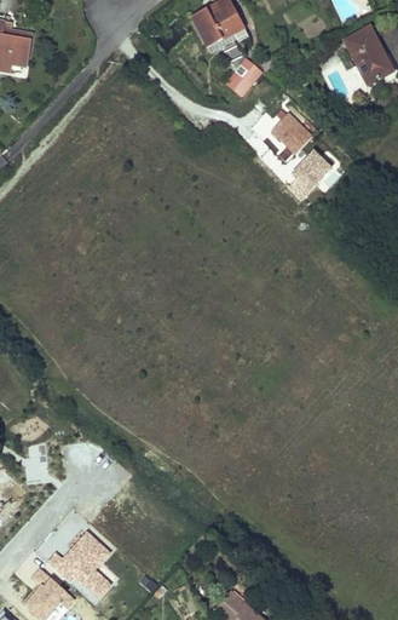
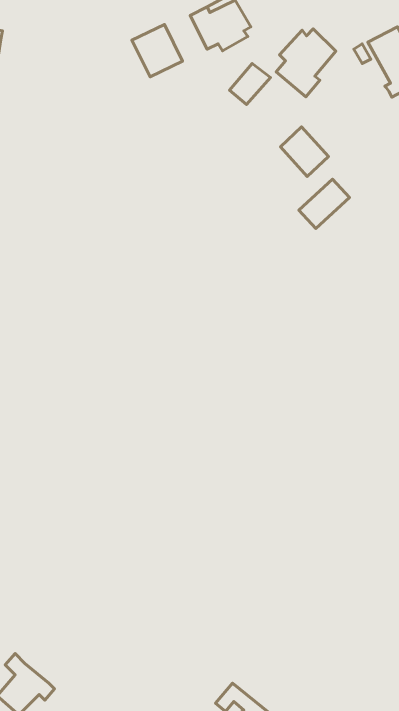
building: none -> [132,24,183,77]
building: none -> [276,29,336,97]
building: [50,527,111,592] -> none

